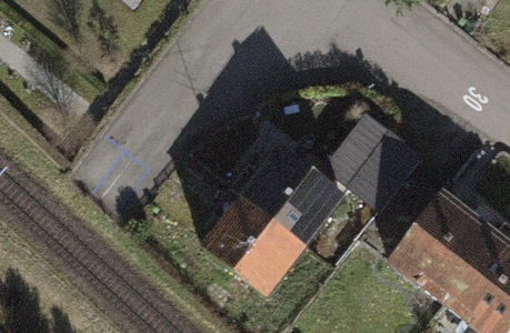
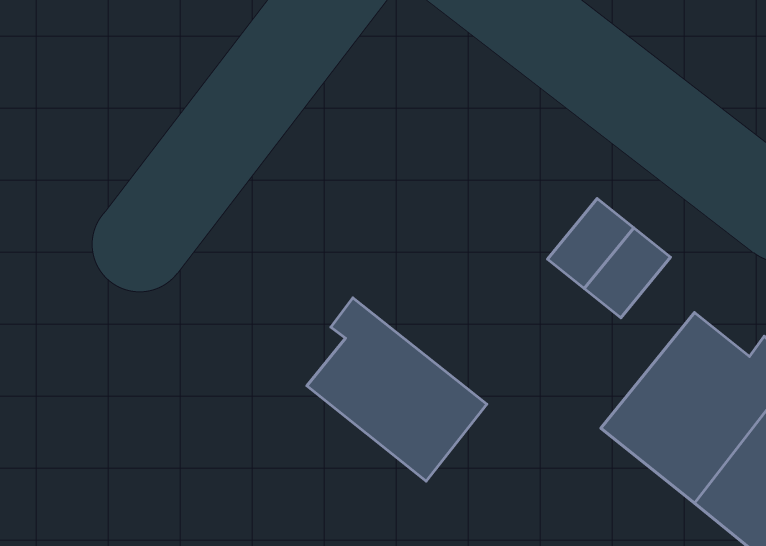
building: [257,141,376,245] -> none

